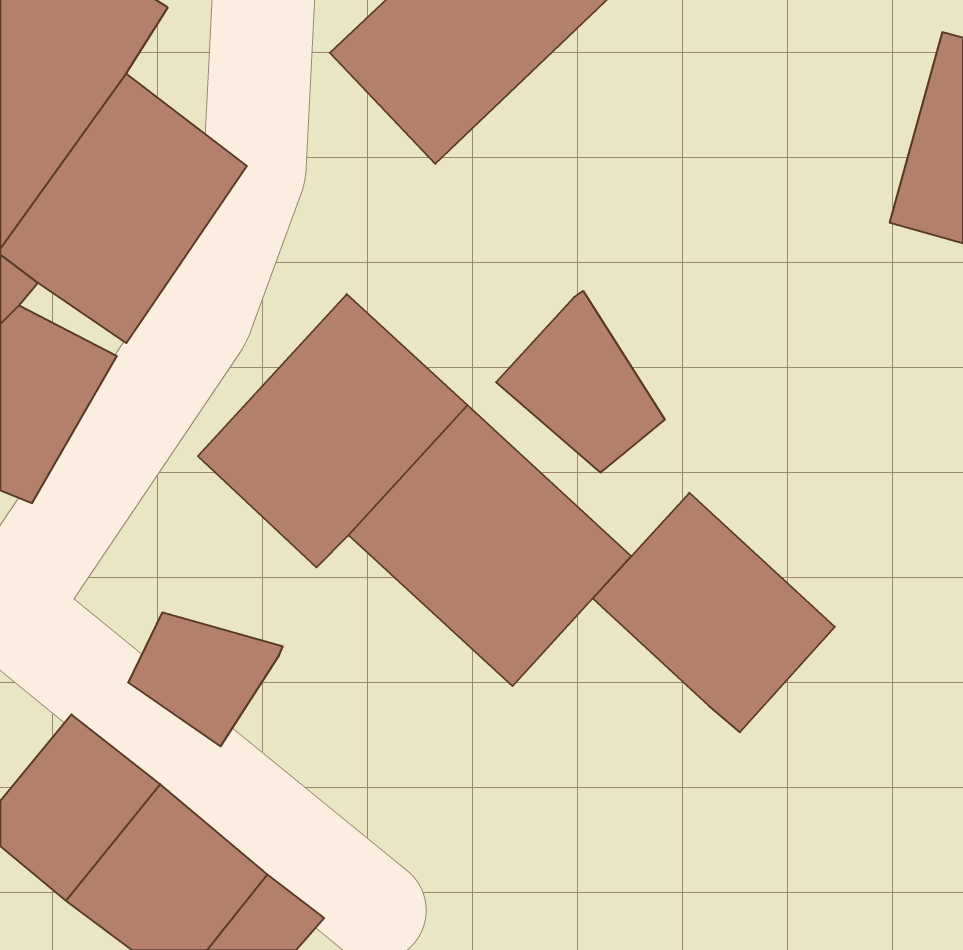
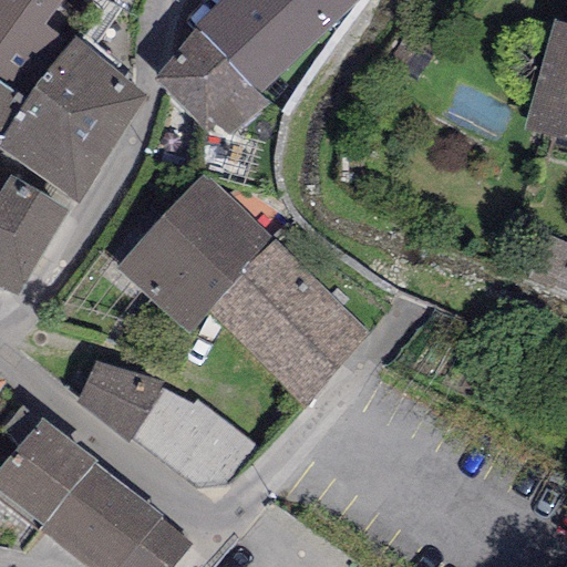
building: none -> [156,31,262,134]
building: [496,291,665,473] -> none
building: [593,493,835,732] -> none
building: none -> [130,385,256,483]

